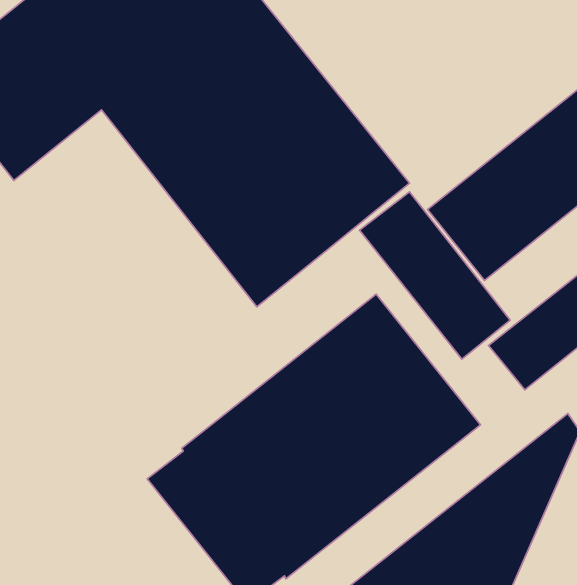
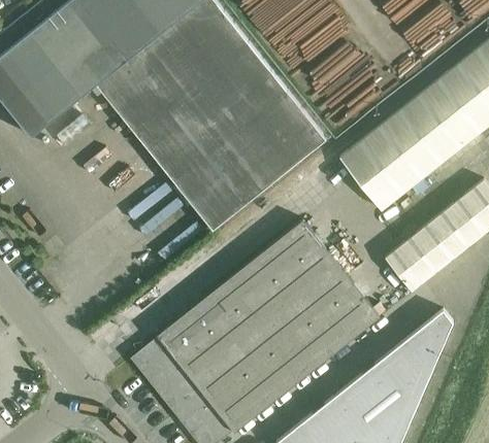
building: [360,192,510,359] -> none

